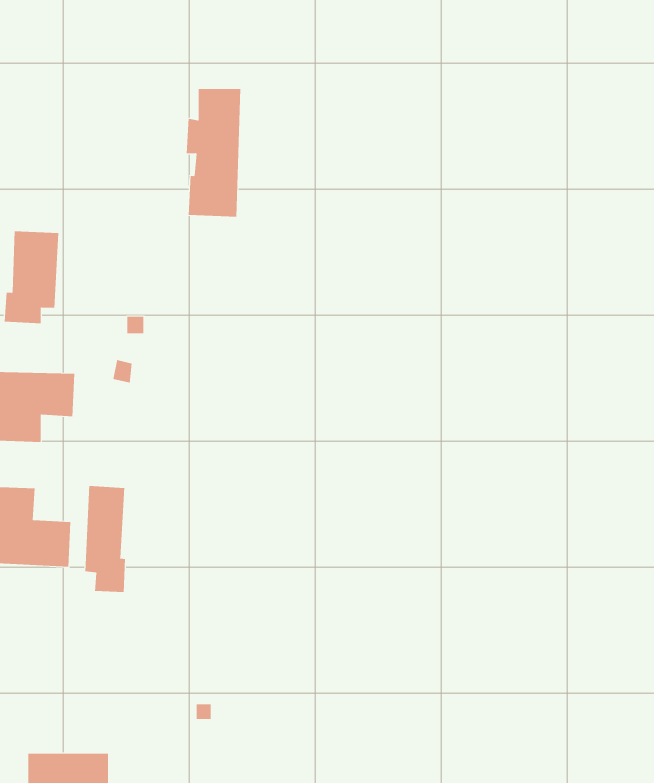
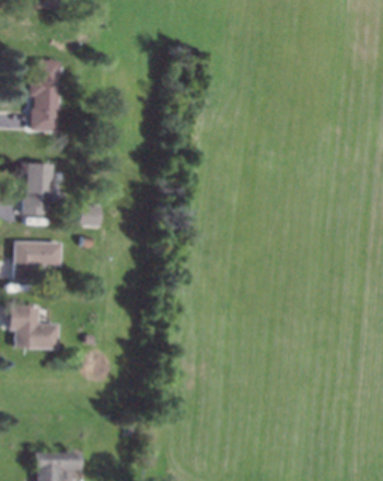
building: [186,88,241,217] -> [28,59,59,130]
building: [85,485,125,593] -> none

